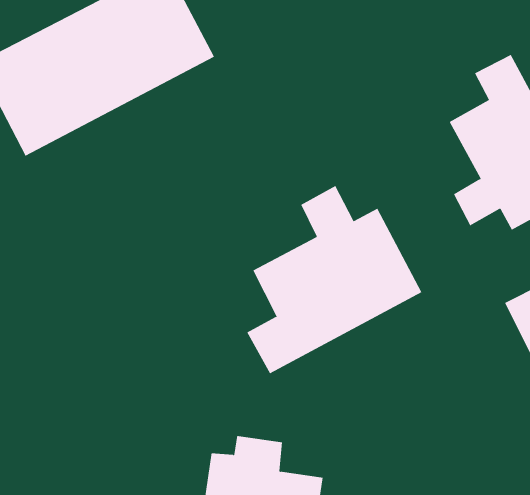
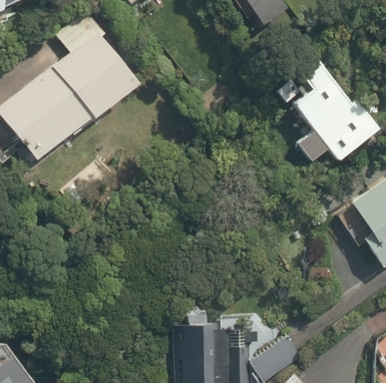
building: [246,185,422,374] -> none

